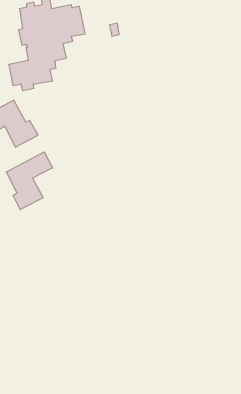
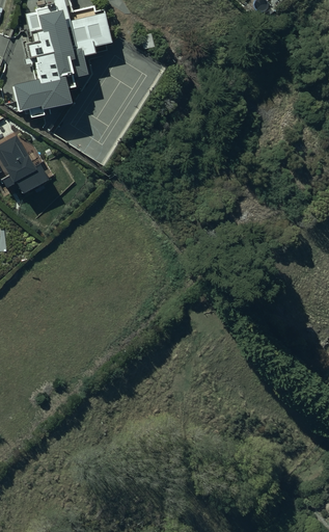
building: [6,152,53,210] -> none

